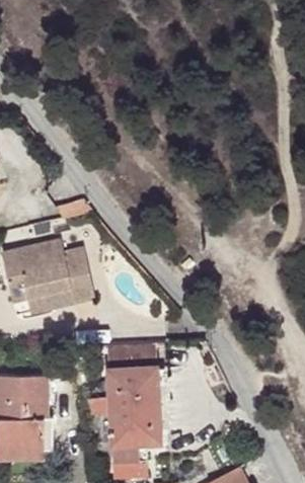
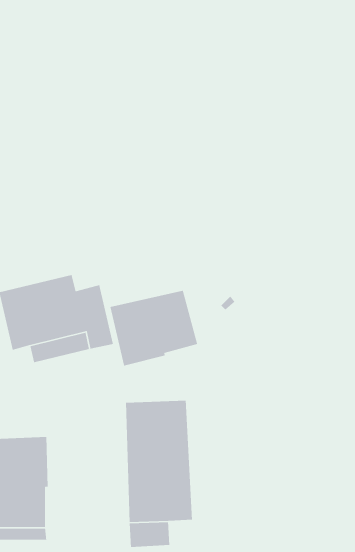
building: none -> [110,290,198,366]

